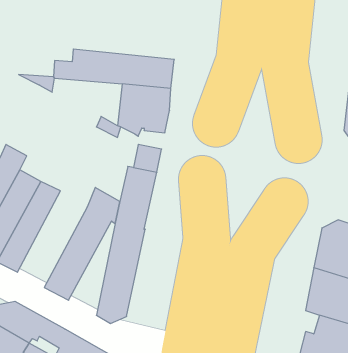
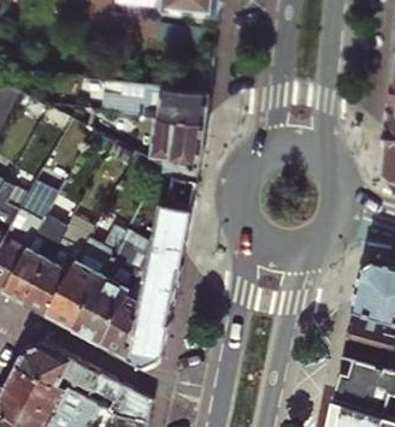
building: none -> [45,220,125,328]
building: none -> [98,260,146,357]

